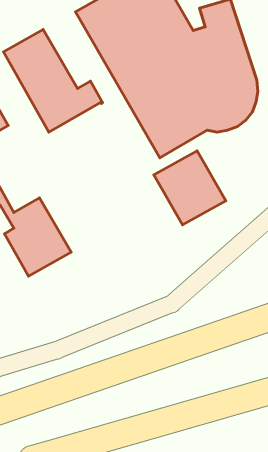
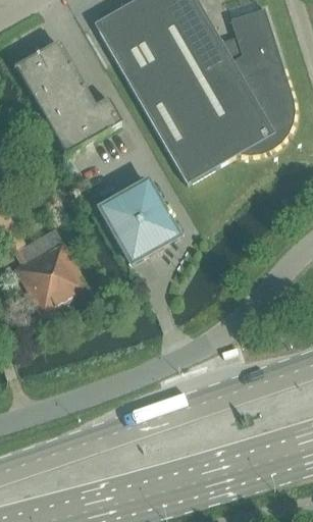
building: [154,151,226,225] -> [99,179,178,261]

